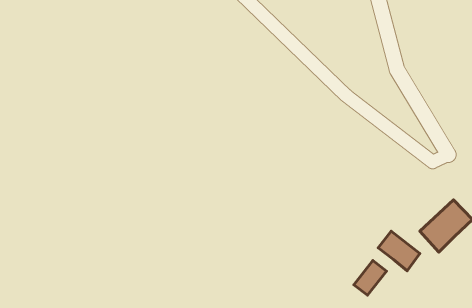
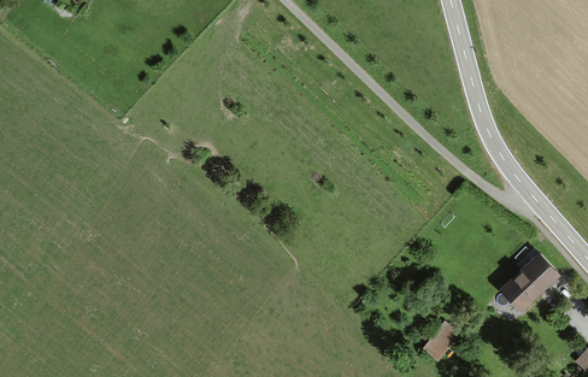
building: [378,231,420,271] -> none

